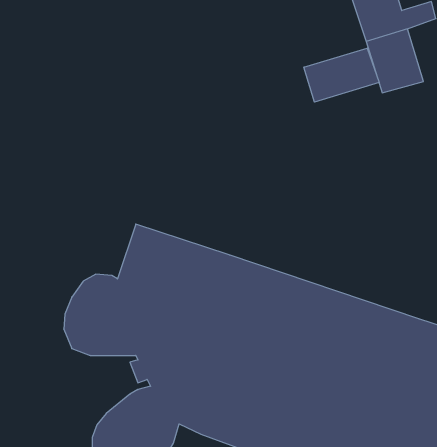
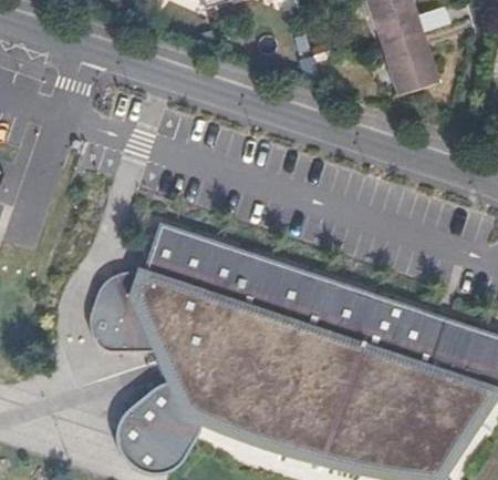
building: [304,48,379,102] -> none

